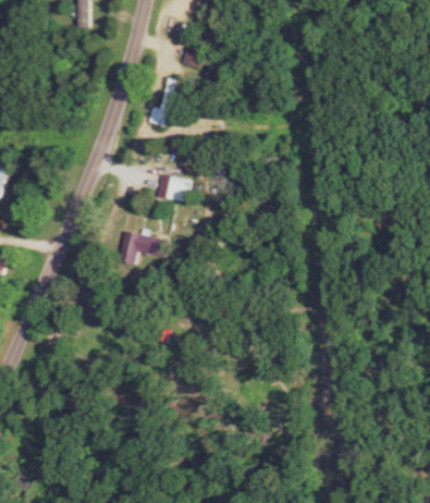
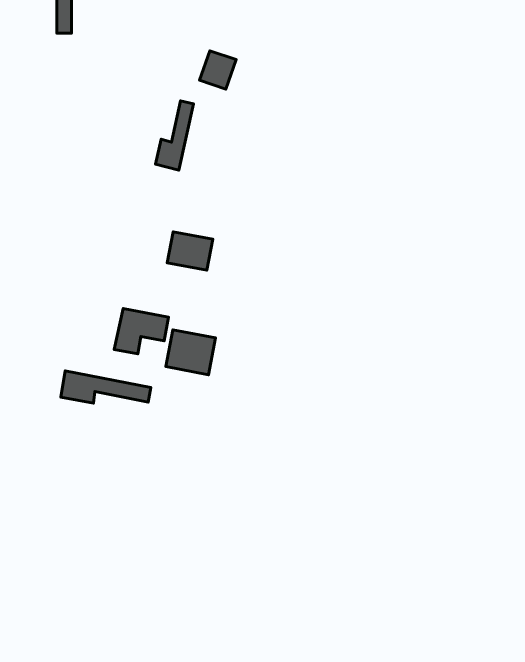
building: none -> [166,330,216,375]
building: none -> [61,371,151,403]

